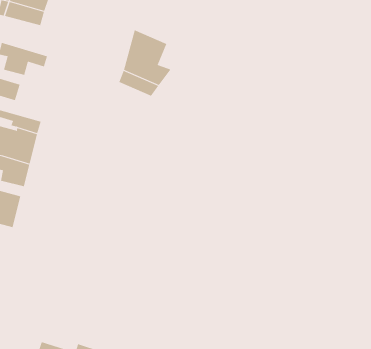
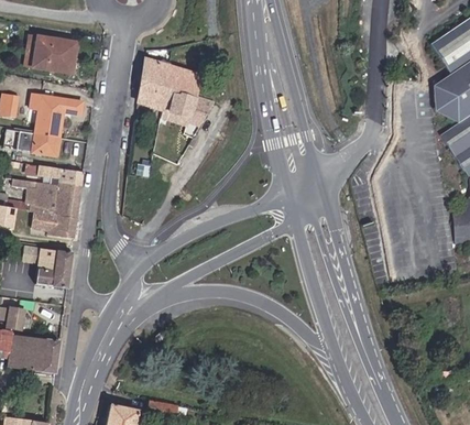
building: none -> [139,57,171,108]

